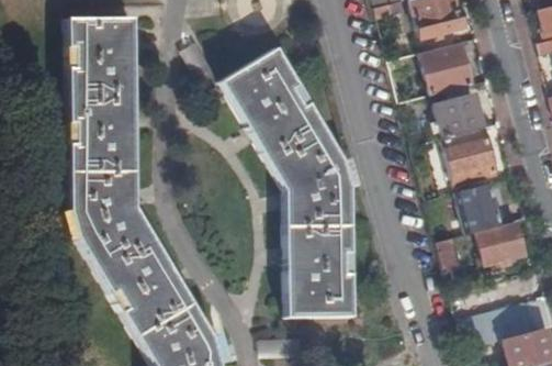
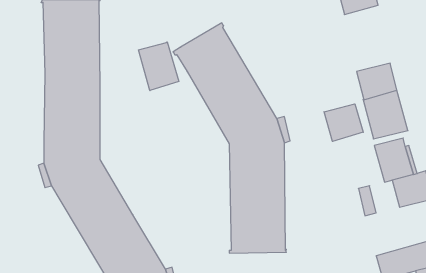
building: [420,42,472,96] -> none
building: none -> [139,42,179,91]
building: none -> [324,104,363,141]

